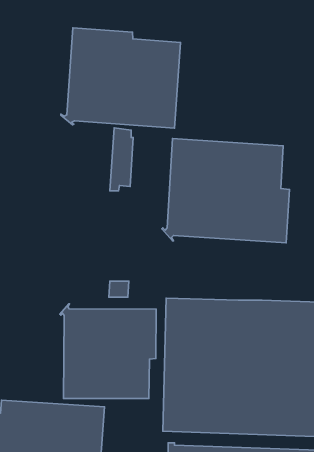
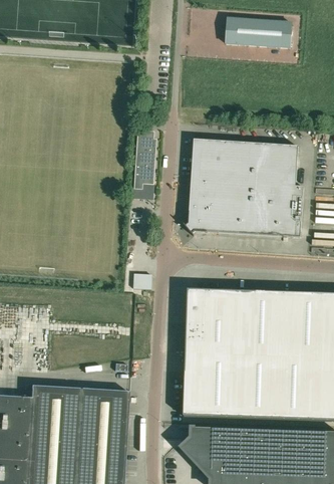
building: none -> [226,17,292,48]
building: [61,28,180,128] -> none
building: [60,304,156,399] -> none

